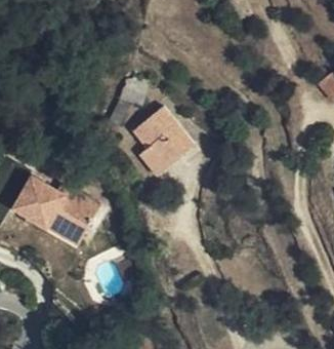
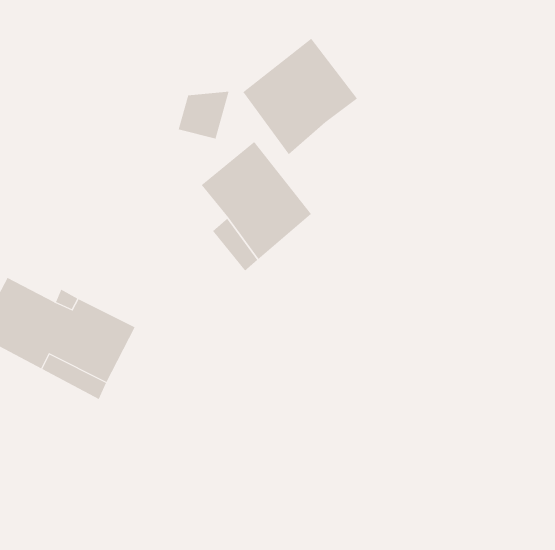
building: none -> [242,38,358,155]

